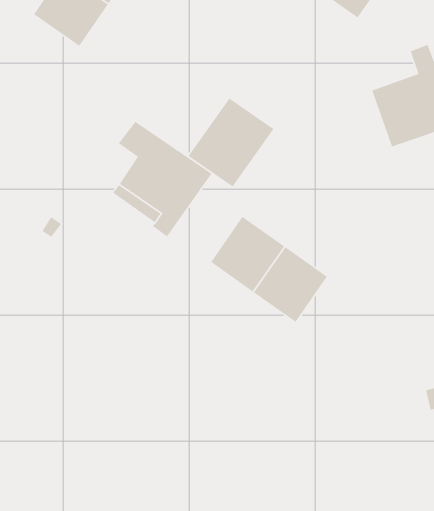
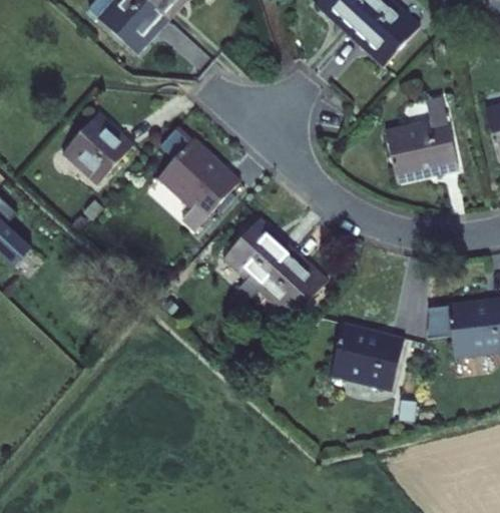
building: [188,98,274,187] -> none
building: none -> [59,110,130,181]
building: none -> [332,324,406,392]

